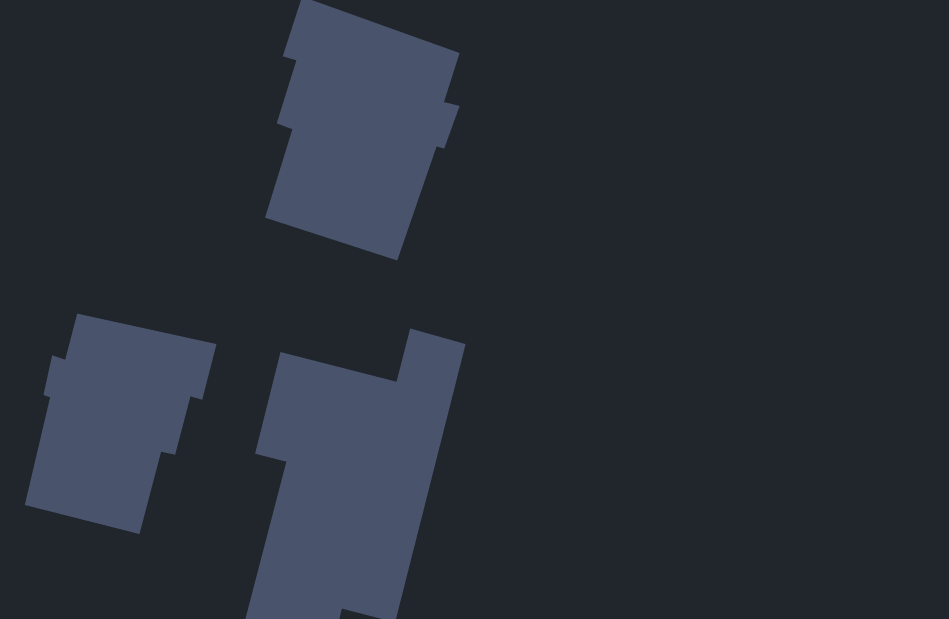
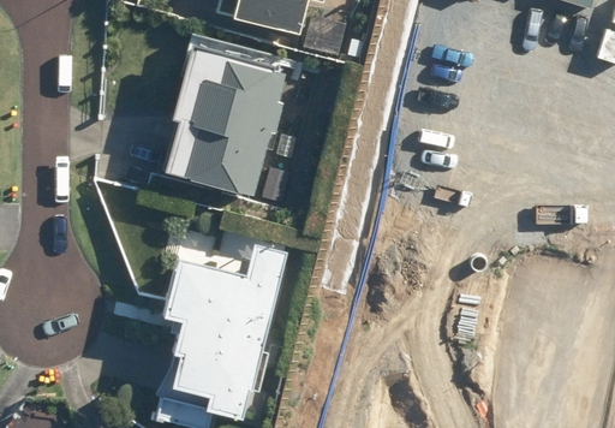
building: [24,313,217,535] -> none

